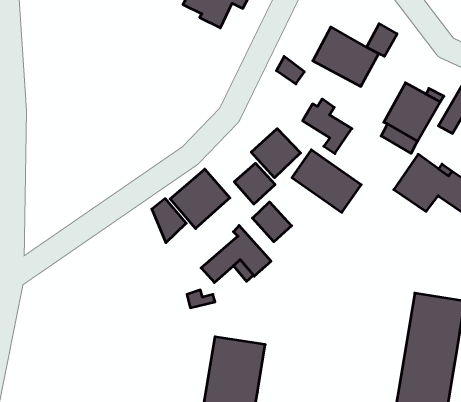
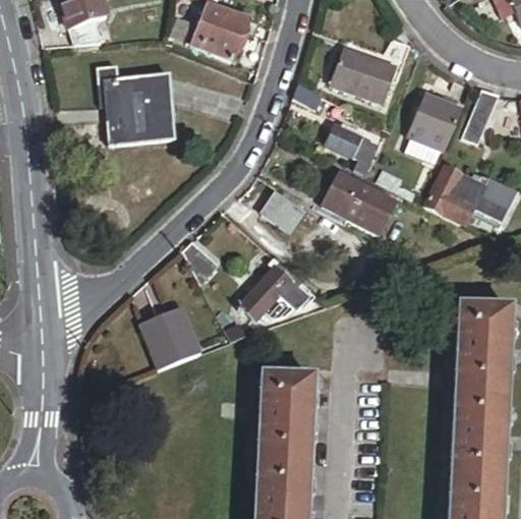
building: none -> [92,70,166,146]
building: [251,129,301,178] -> none
building: [170,169,230,229] -> none
building: [252,202,292,242] -> none
building: none -> [150,312,207,372]

